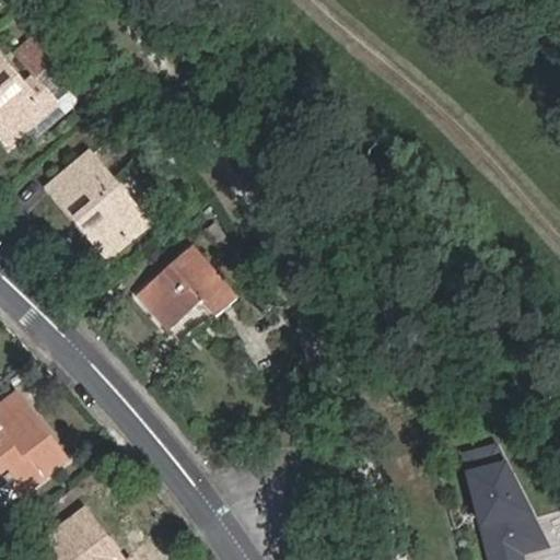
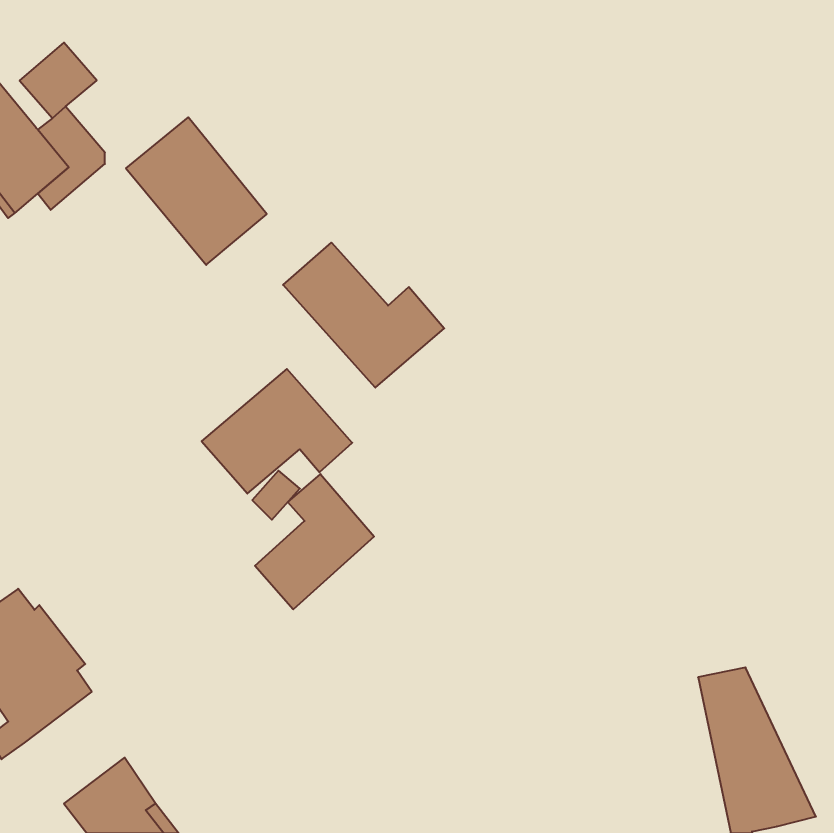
building: [49,154,143,253] -> [126,117,267,265]
building: none -> [283,243,444,388]
building: none -> [255,474,374,609]

